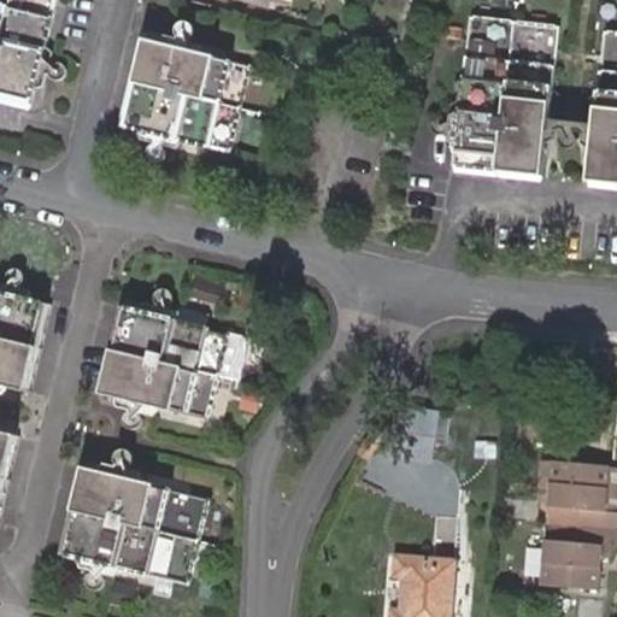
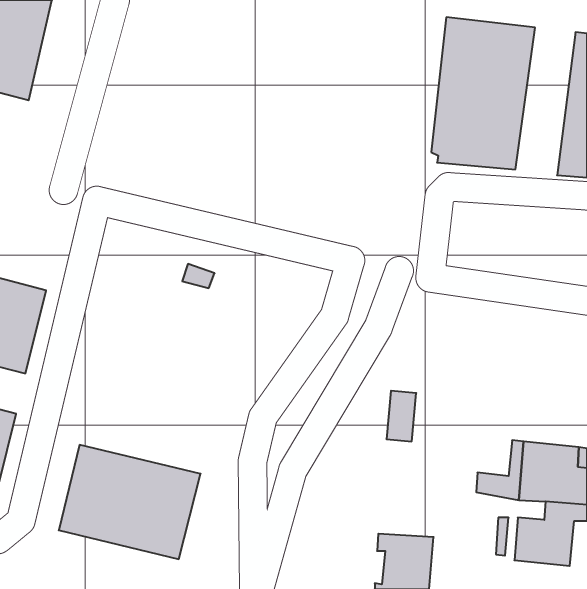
building: [122,39,248,153] -> none
building: [101,302,248,417] -> none

